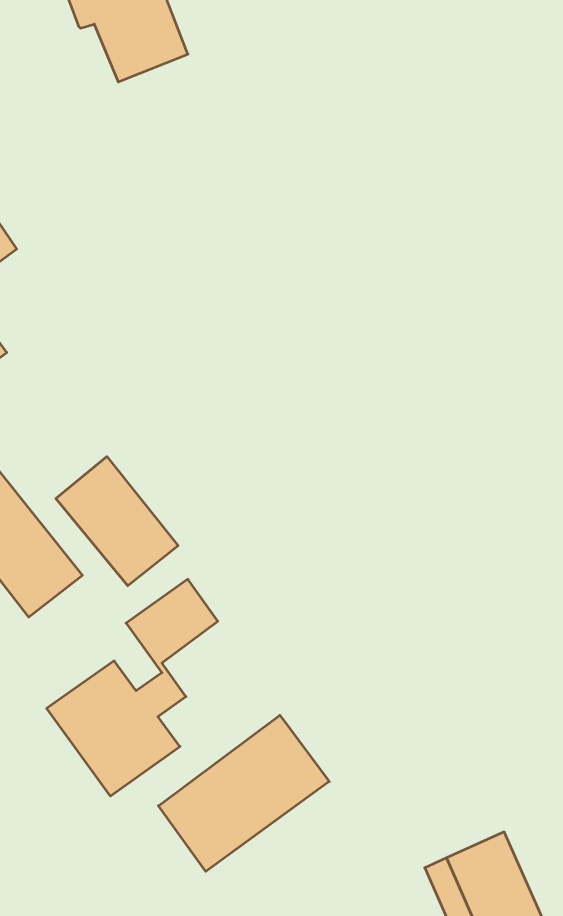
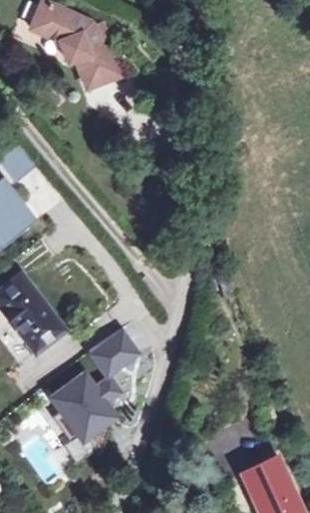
building: [56,457,178,586] -> none
building: [158,715,329,871] -> none

